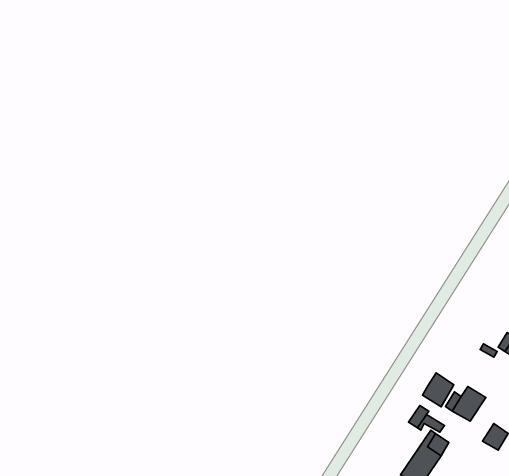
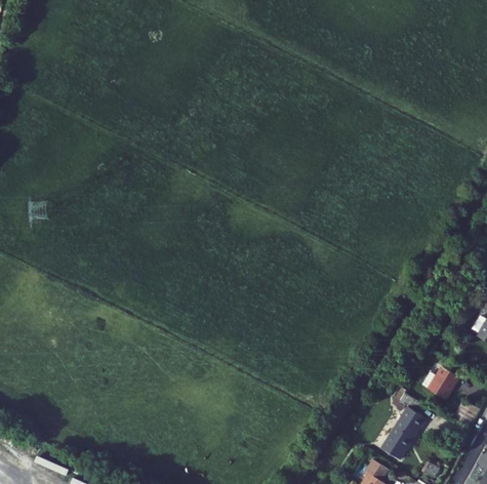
building: [423,373,454,407] -> none

